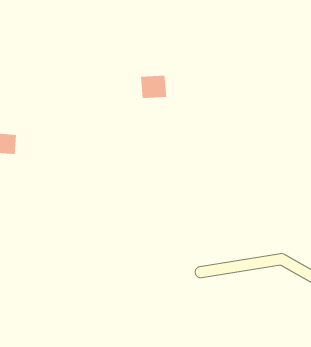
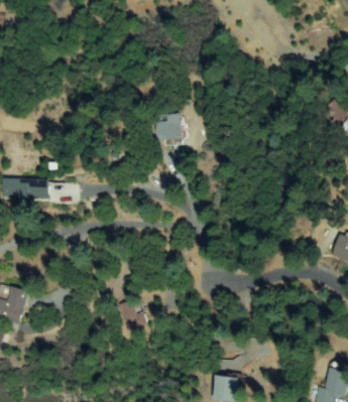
building: none -> [118,301,142,329]

